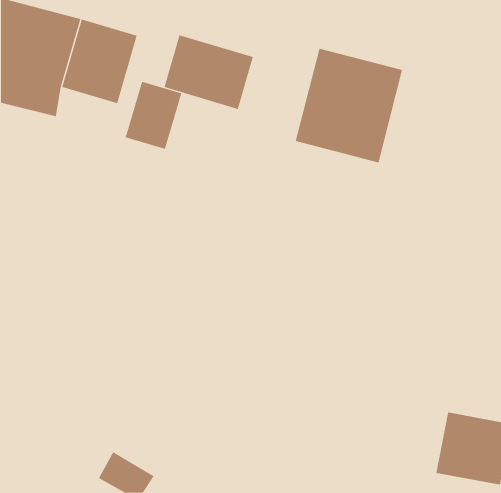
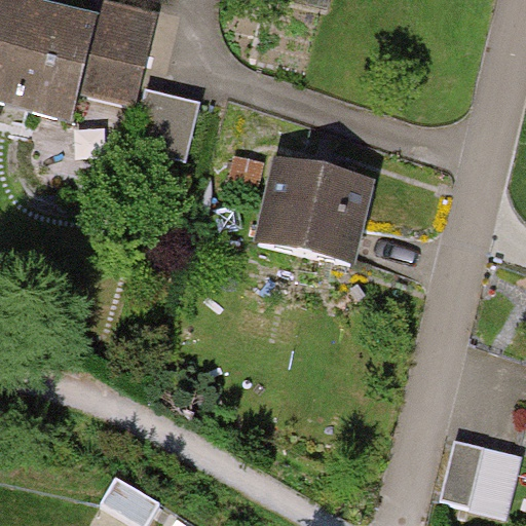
building: [164,34,254,110] -> none
building: [295,48,403,163] -> [257,150,369,269]

